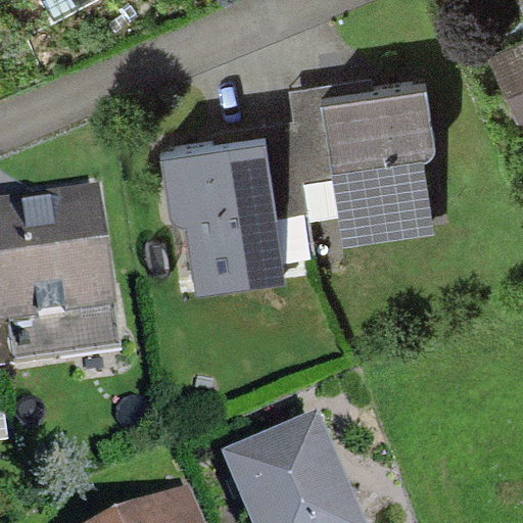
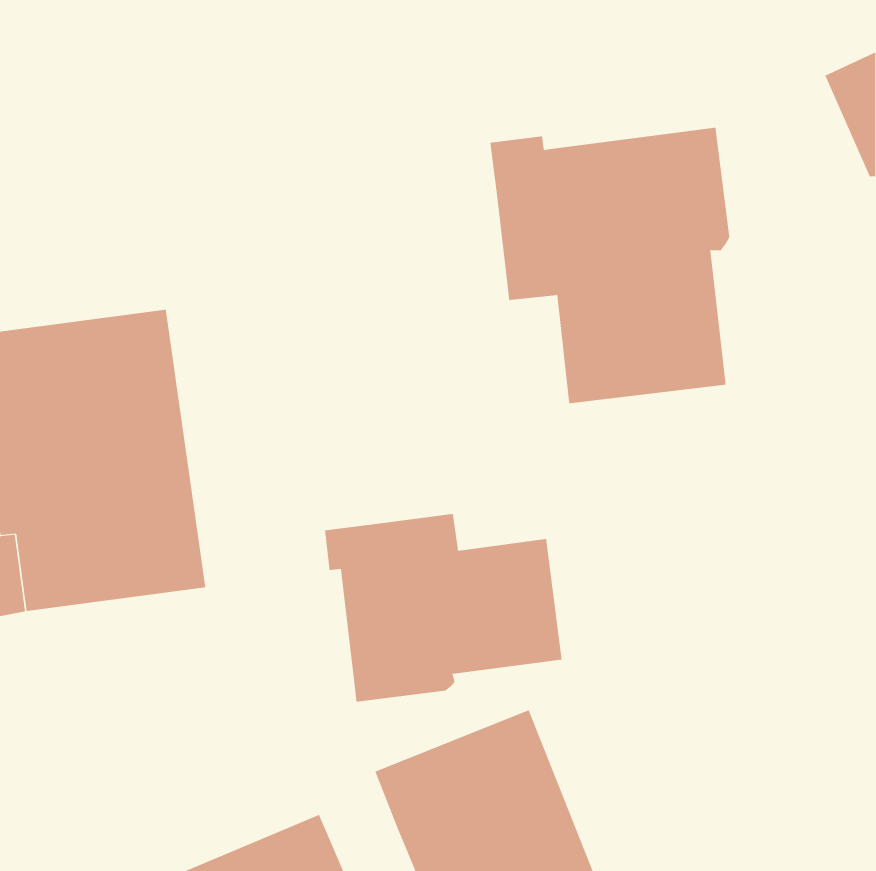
building: [160,122,305,294] -> none
building: none -> [324,513,562,702]

